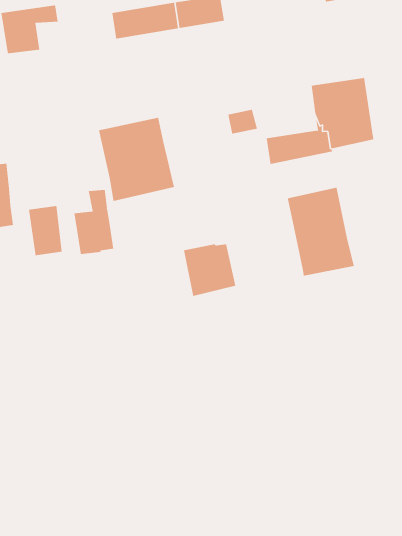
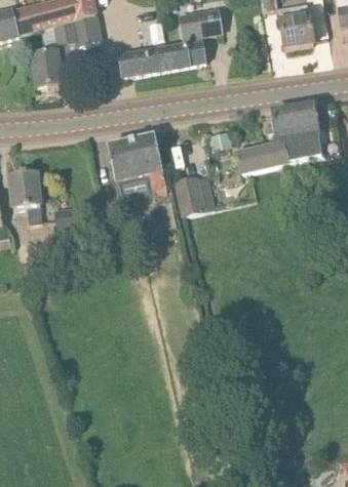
building: [287,187,355,277] -> none
building: [74,189,114,255] -> none
building: [183,244,236,297] -> [173,173,215,214]

